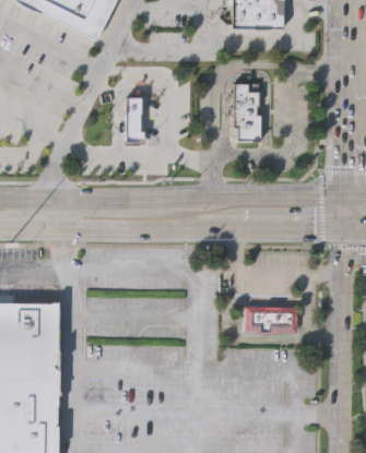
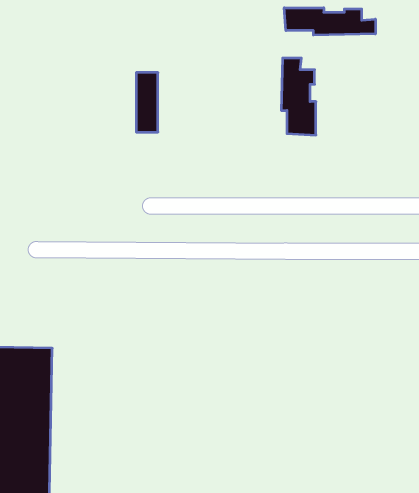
building: none -> [284,8,375,35]
building: [246,305,298,334] -> none

